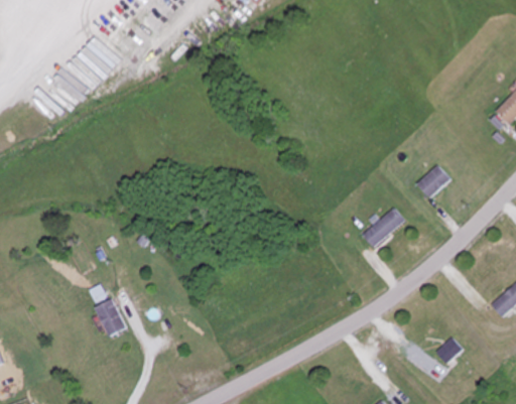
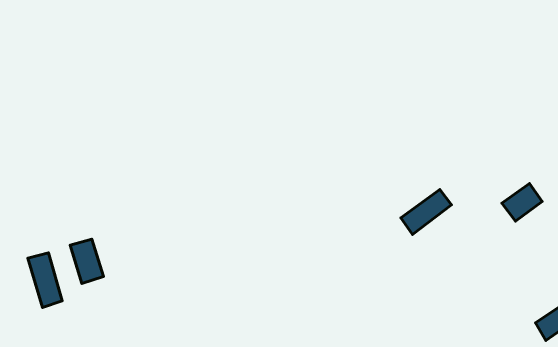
building: [416,165,449,198] -> [502,184,542,221]
building: none -> [28,253,62,307]

